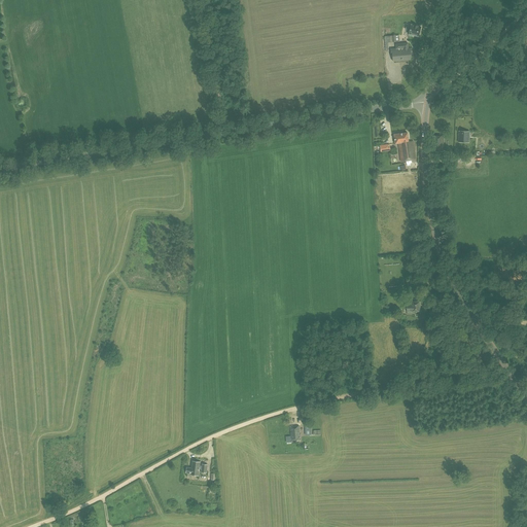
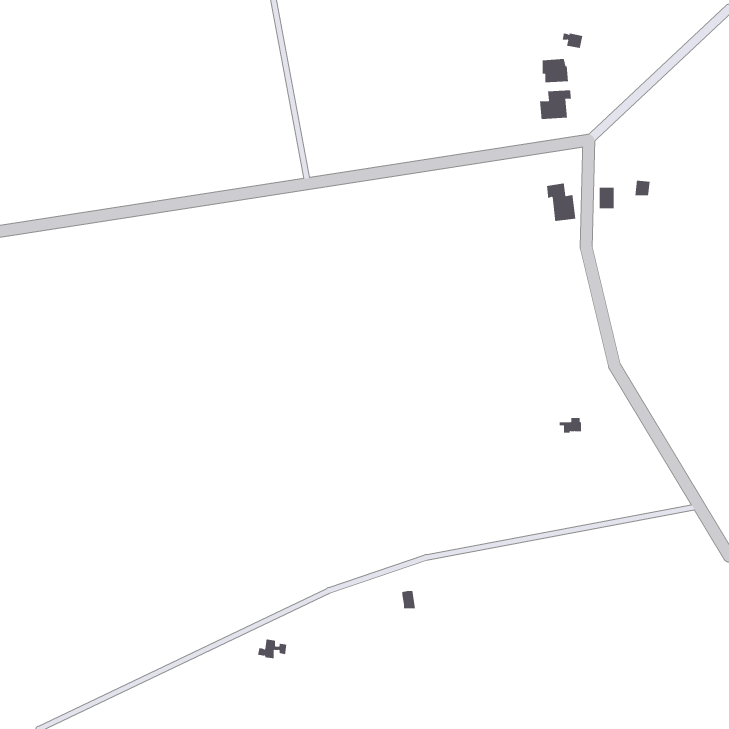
building: none -> [539,90,571,120]

